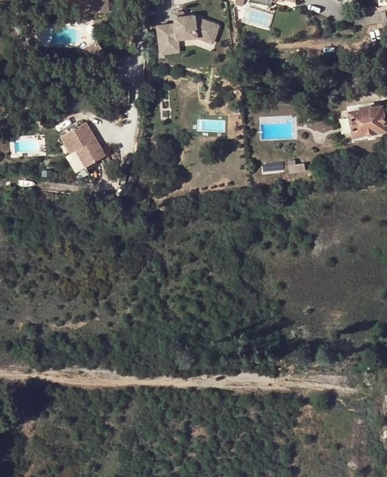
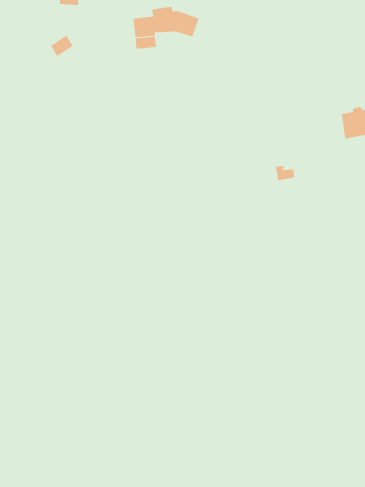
building: [60,122,106,168] -> none

